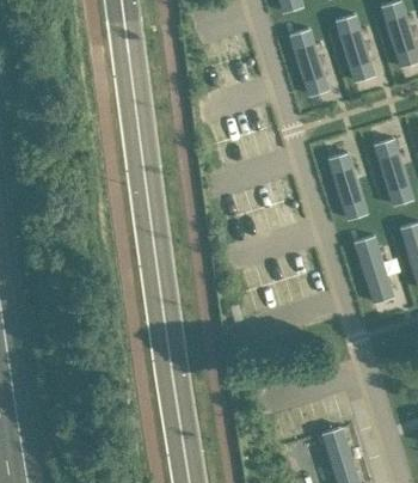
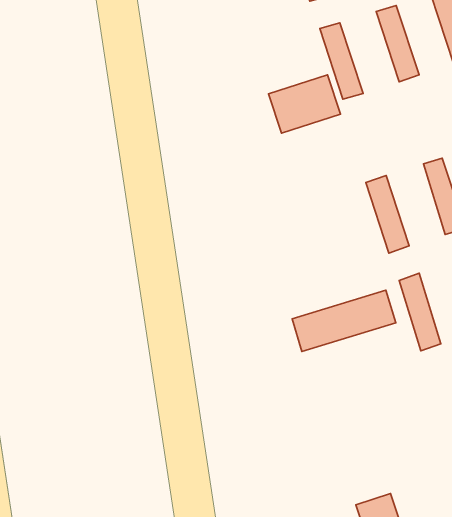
building: none -> [269,75,340,133]
building: none -> [292,290,396,351]

